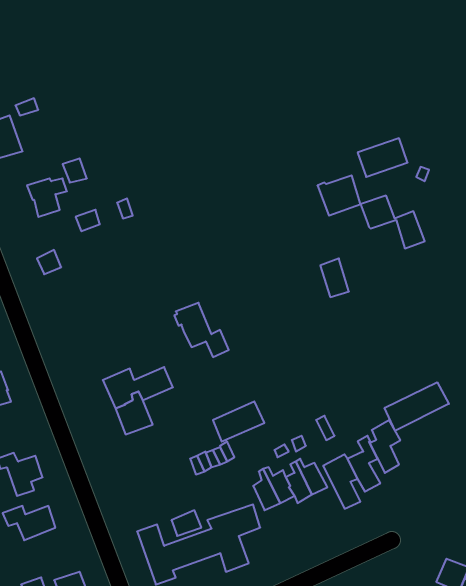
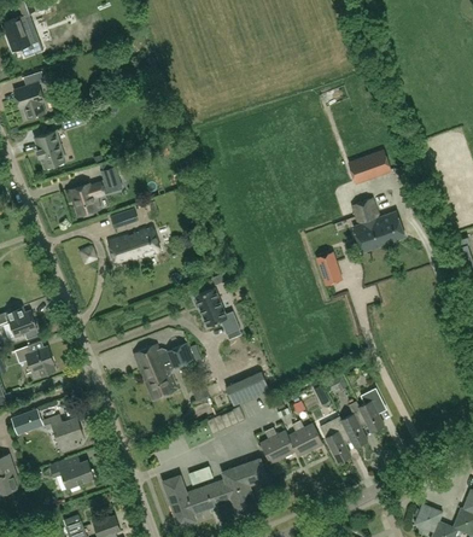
building: [317,175,360,216] -> [351,218,387,252]
building: none -> [107,226,159,265]
building: [385,382,449,431] -> none

